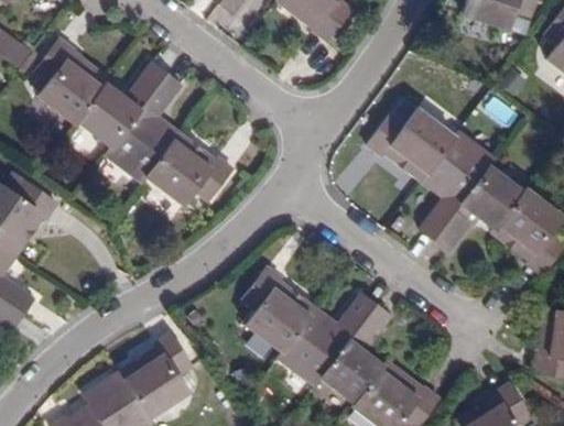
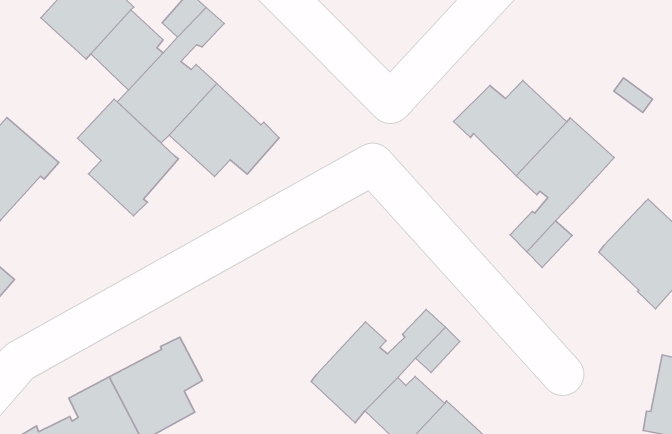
building: none -> [77,99,179,216]
building: [466,166,522,228] -> none
building: [240,266,314,351] -> none

